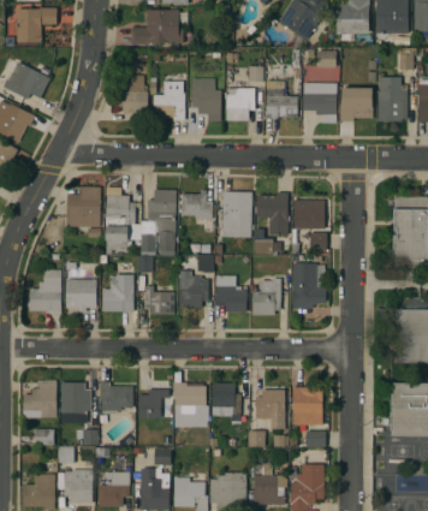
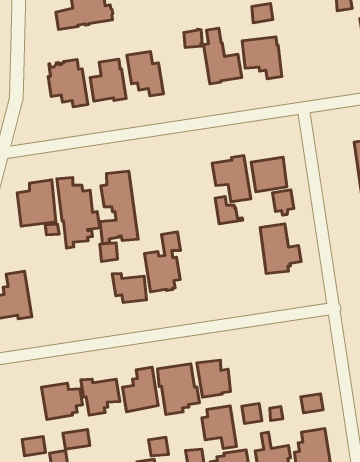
building: [378,77,406,121] -> none
building: [226,88,254,121] -> none
building: [339,88,373,121] -> none
building: [180,190,213,220] -> none
building: [219,191,251,237] -> none
building: [65,262,96,311] -> none
building: [101,274,133,311] -> none
building: [215,277,246,311] -> none
building: [251,278,280,315] -> none
building: [23,382,57,417] -> none
building: [292,387,322,424] -> none
building: [255,390,284,429] -> [202,406,237,449]

